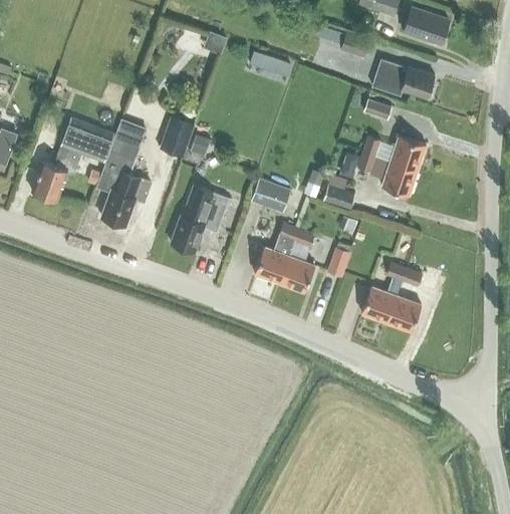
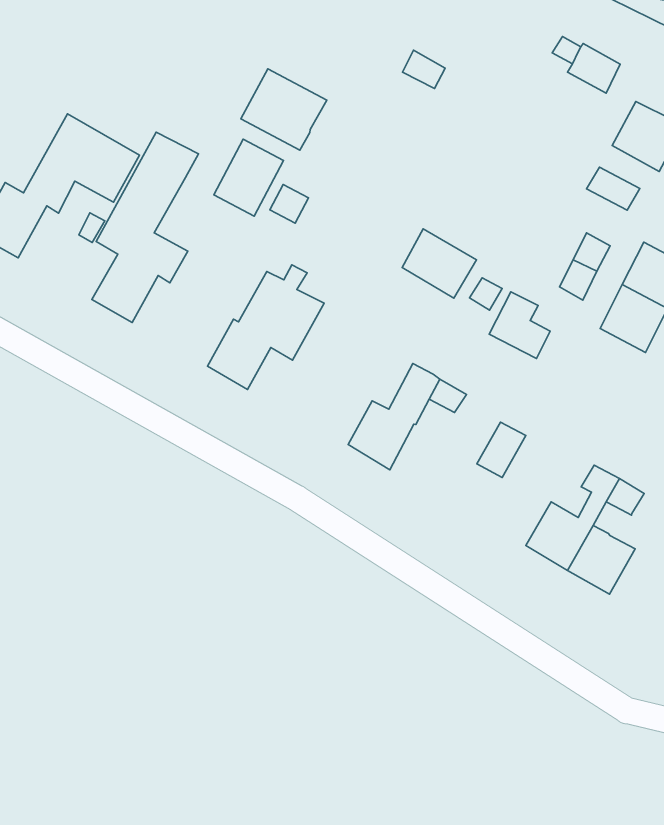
building: none -> [241,69,327,150]
building: [250,178,290,213] -> [402,229,477,298]
building: [280,256,314,292] -> none

